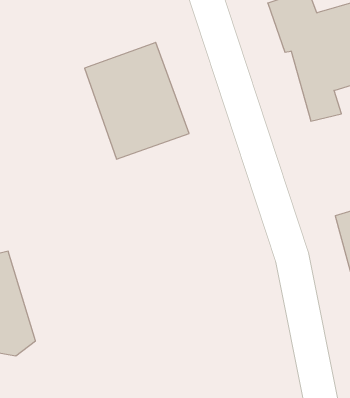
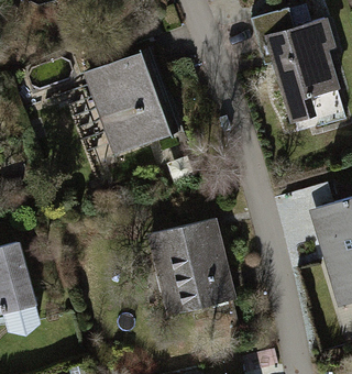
building: none -> [143,215,233,322]

